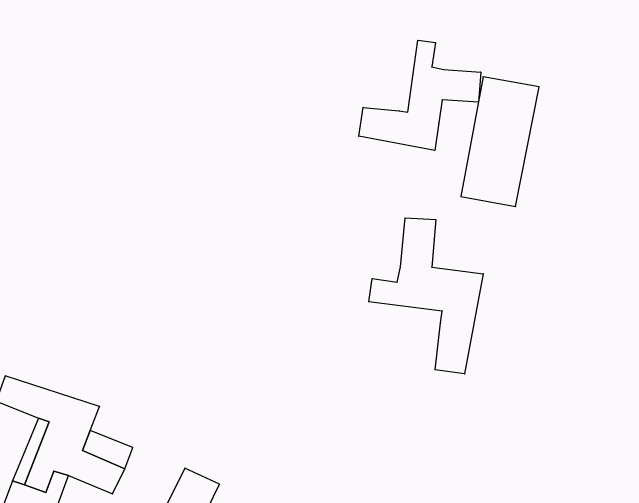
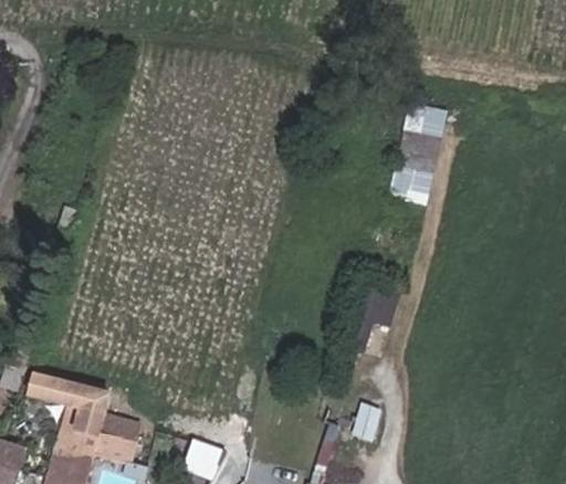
building: [359,40,481,150] -> none
building: [369,218,483,374] -> none

